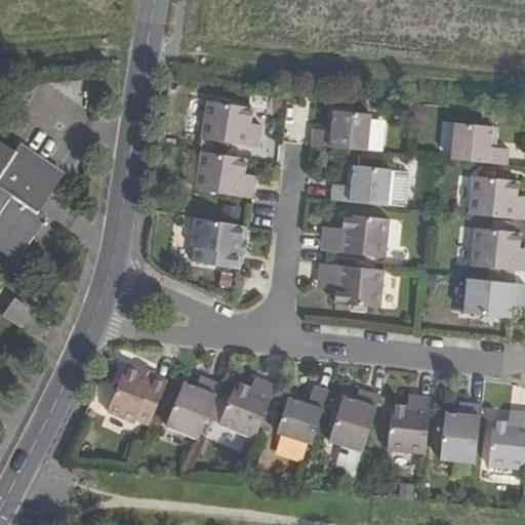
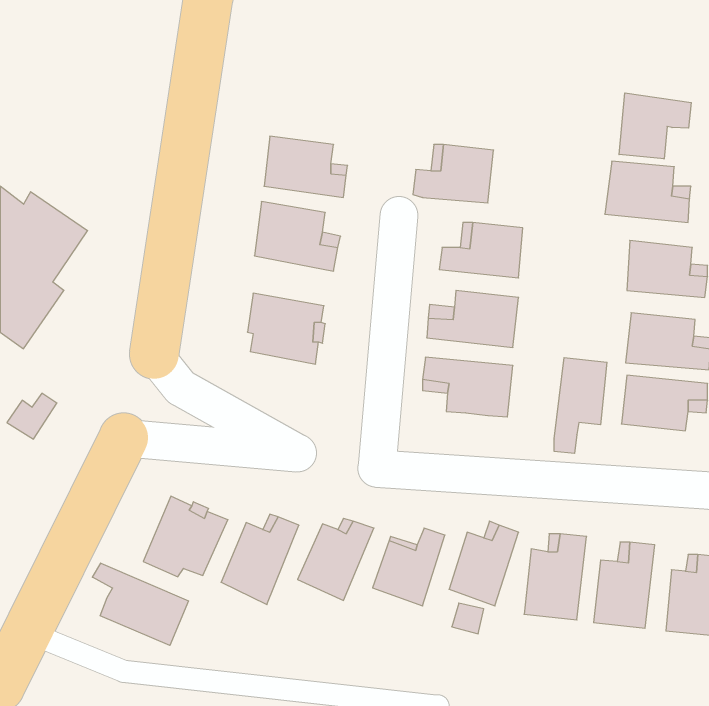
building: none -> [619,93,691,159]
building: none -> [554,358,607,453]
building: none -> [92,563,189,645]

